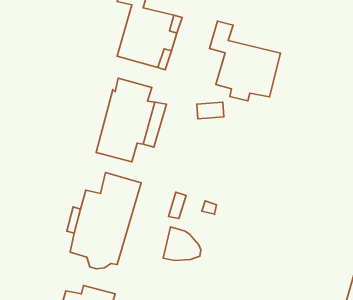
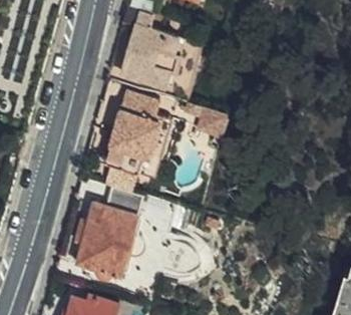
building: [209,21,280,101] -> none

